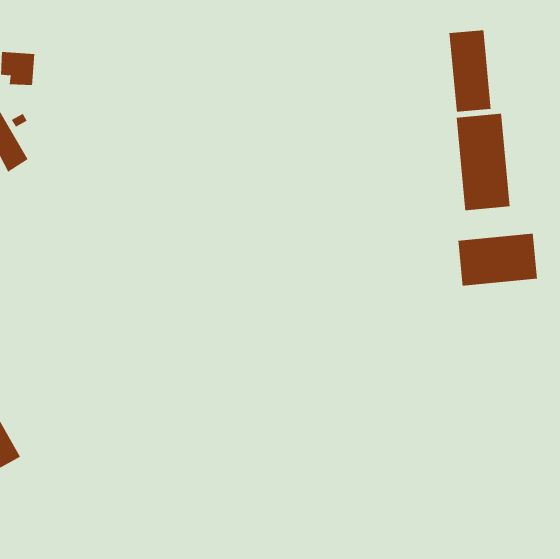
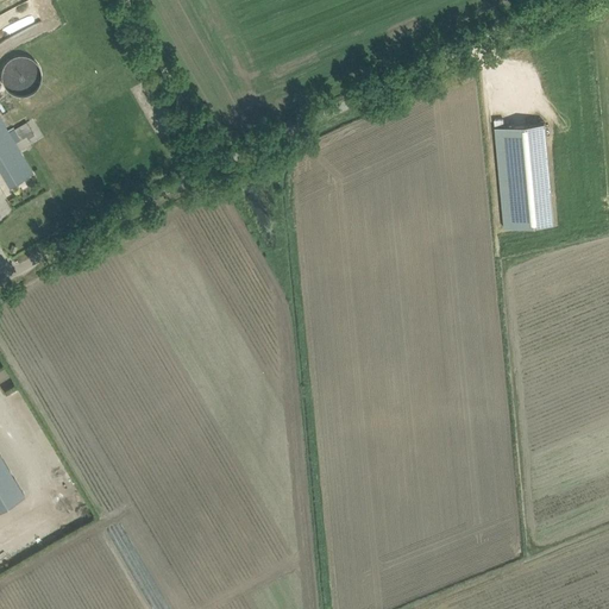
building: [449,29,491,113] -> none
building: [458,233,538,286] -> none

